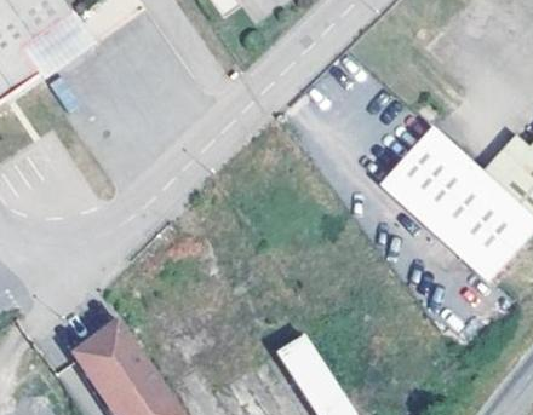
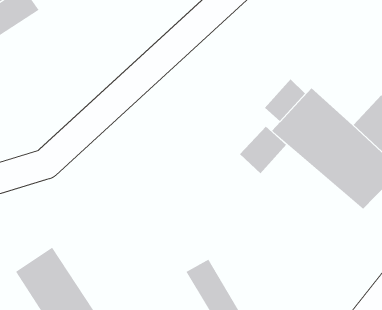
building: none -> [264,79,306,122]
building: none -> [239,126,287,174]

